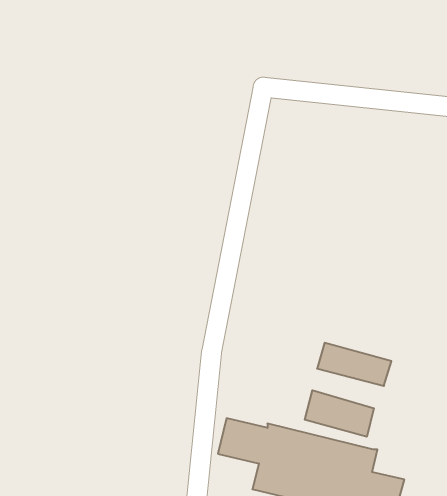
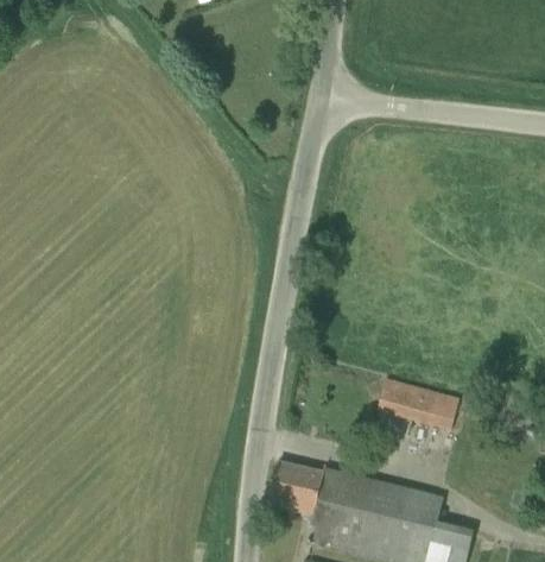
building: [305,390,374,437] -> none

